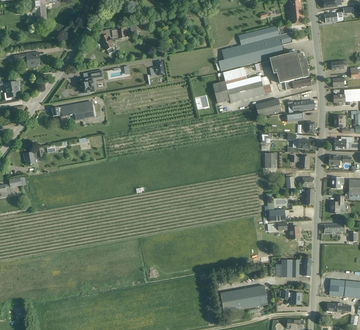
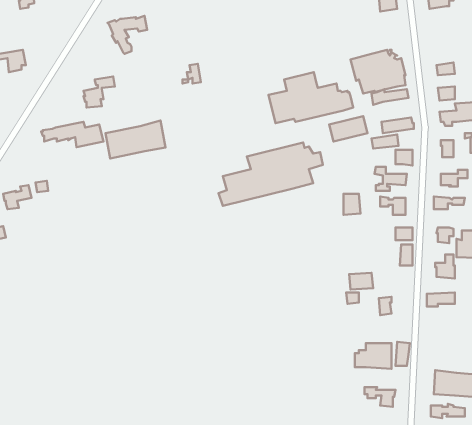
building: [218,25,292,70] -> [218,142,323,206]
building: none -> [105,121,166,158]
building: [220,284,268,312] -> none

